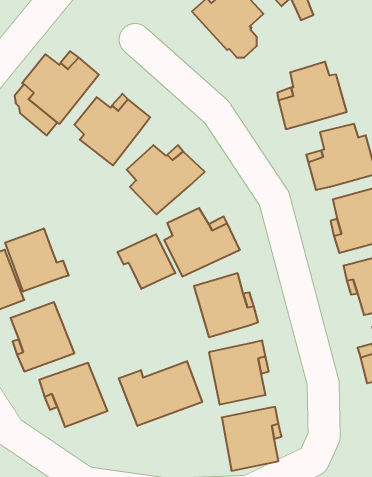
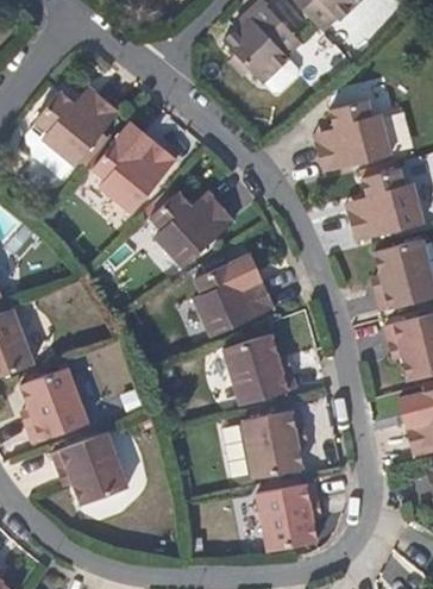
building: [5,228,69,292] -> none
building: [118,234,175,289] -> none
building: [119,361,202,426] -> none

